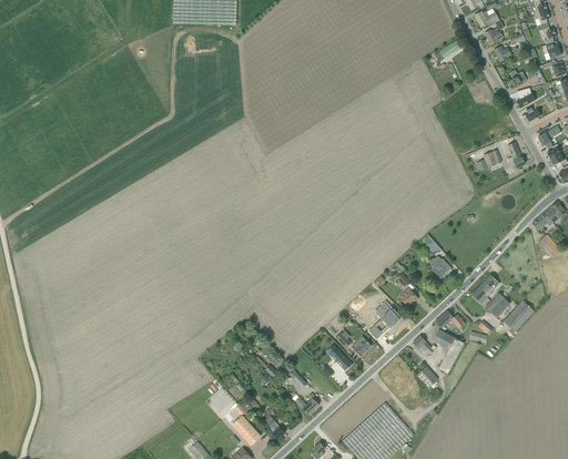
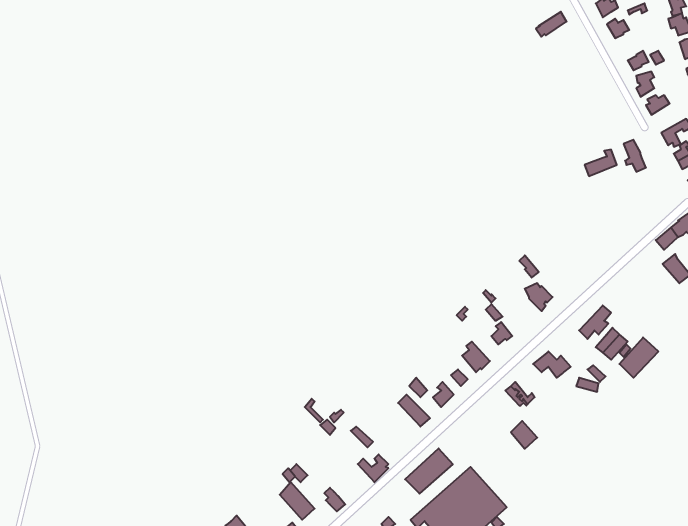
building: [434,328,465,373] -> none
building: none -> [405,448,453,494]

